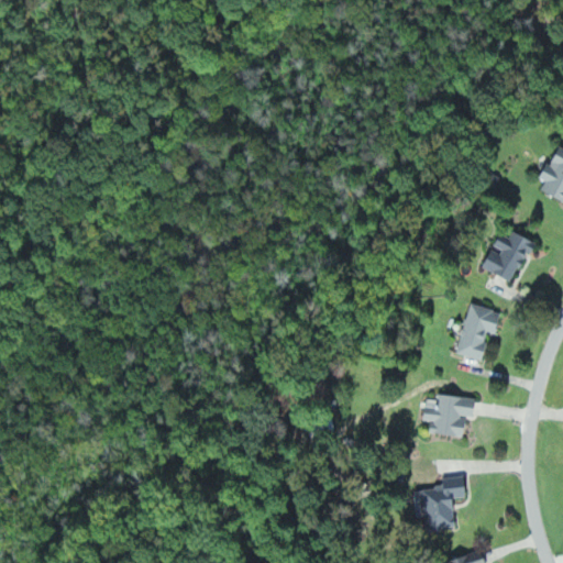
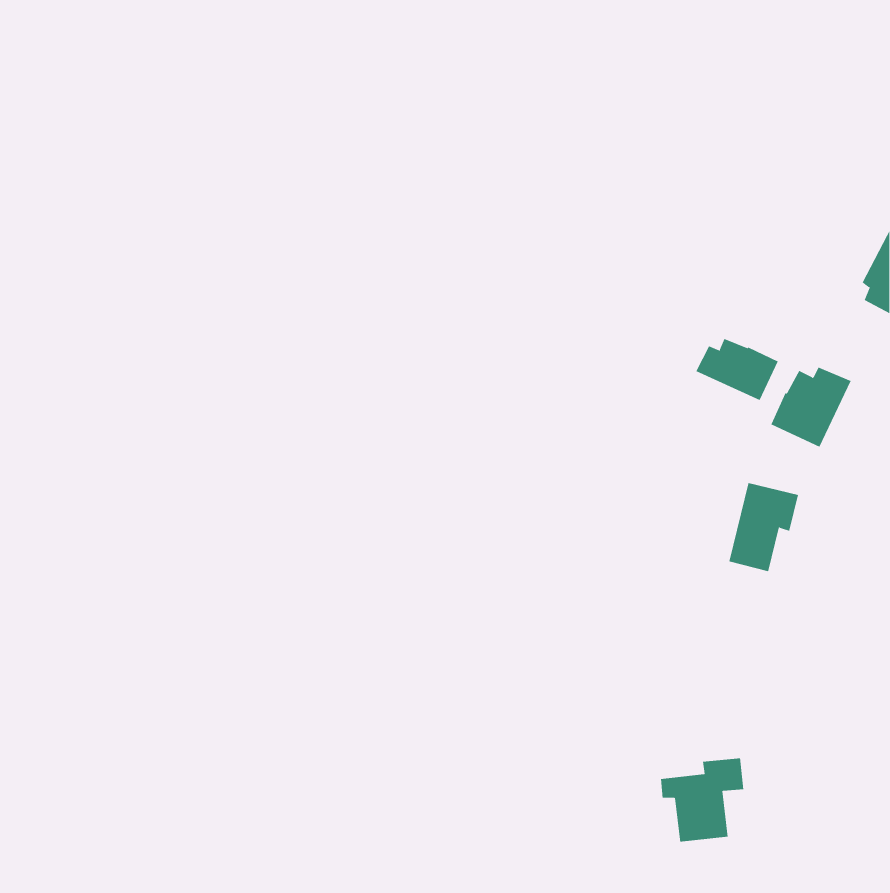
building: none -> [695,338,778,401]
building: [422,395,476,437] -> none

